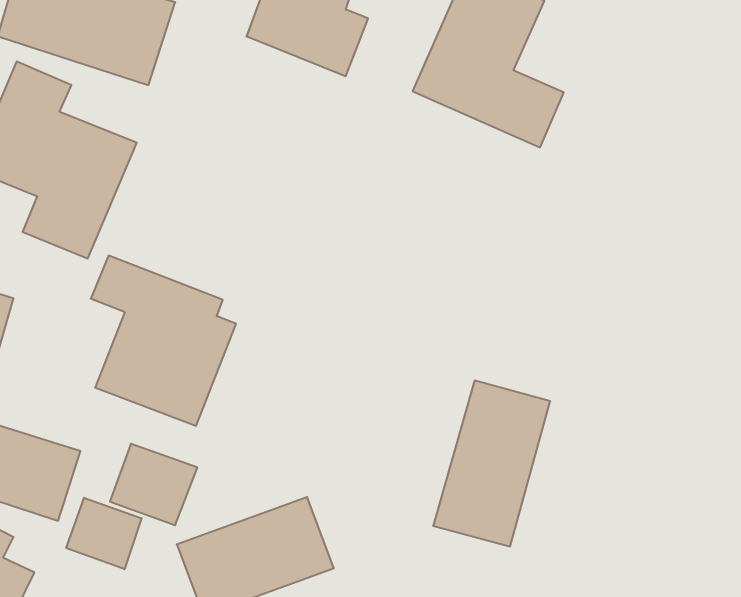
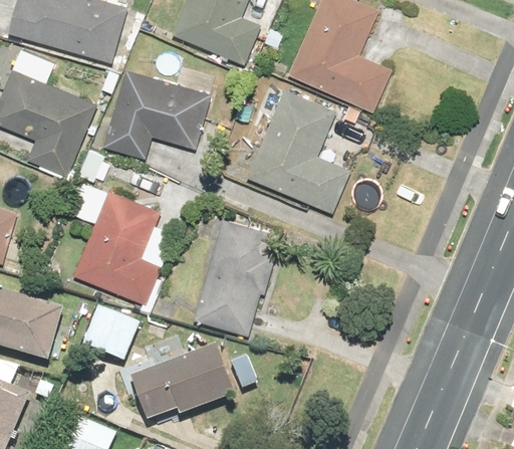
building: none -> [101,66,208,159]
building: none -> [247,89,347,210]
building: [433,381,550,546] -> [194,218,273,330]
building: [66,498,142,569] -> none

